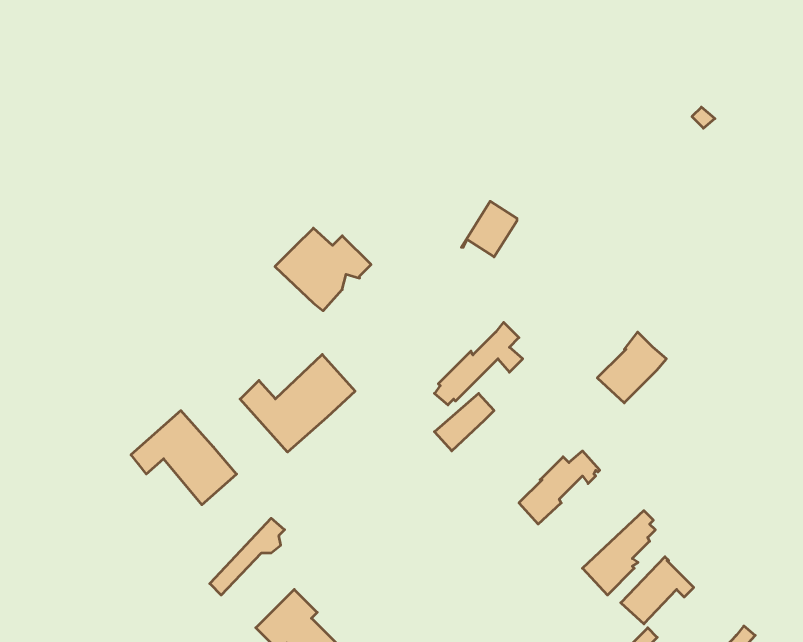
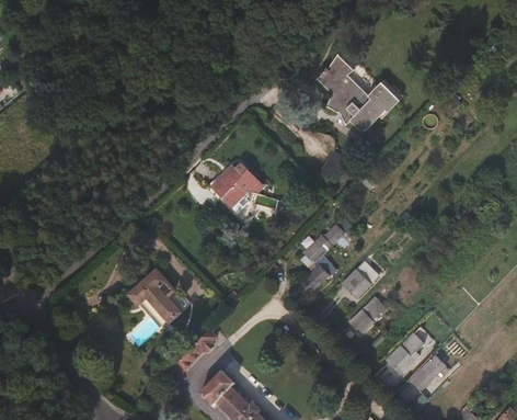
building: none -> [315,54,395,133]
building: [597,332,666,403] -> [342,258,381,298]
building: [240,354,355,452] -> none

